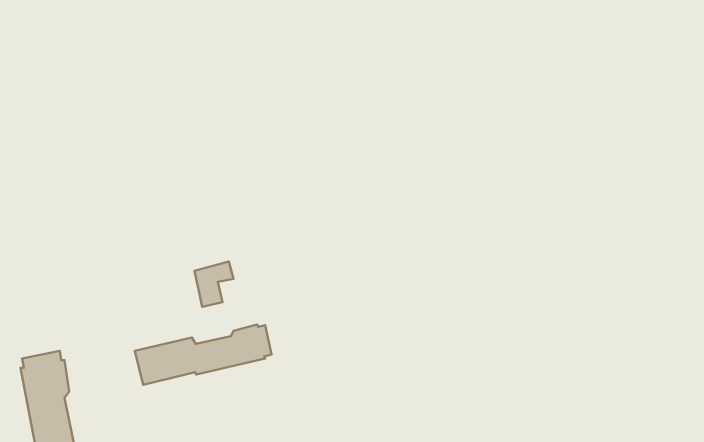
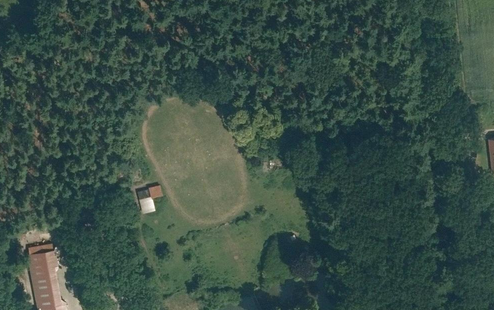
building: [135,325,271,385] -> none

